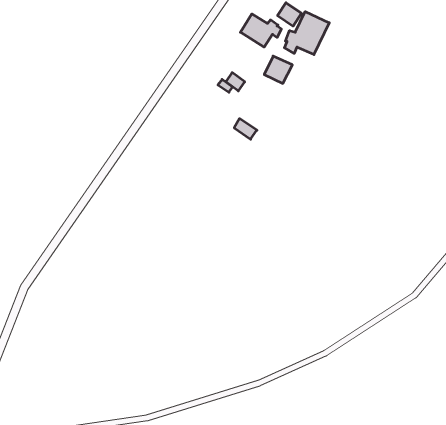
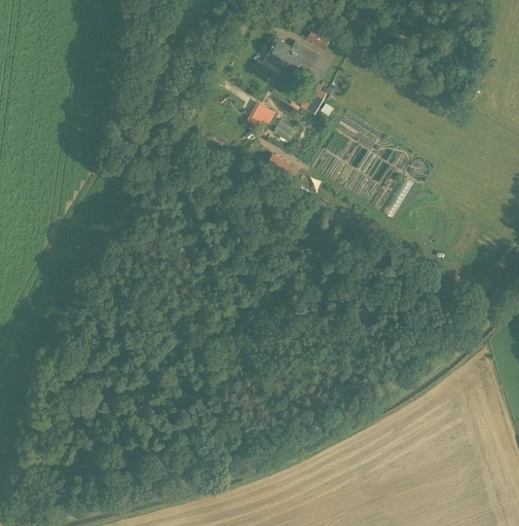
building: [284,12,329,55] -> none

